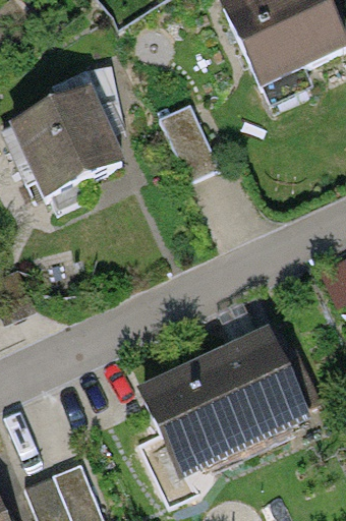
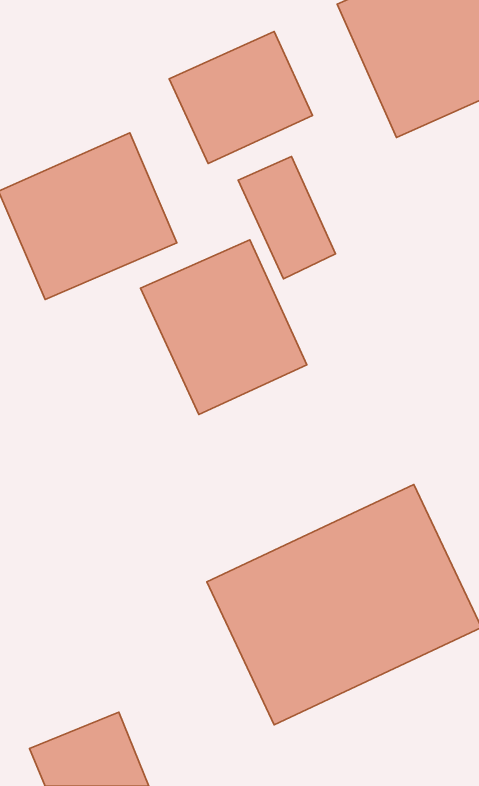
building: none -> [169,32,312,163]
building: none -> [140,240,307,415]

